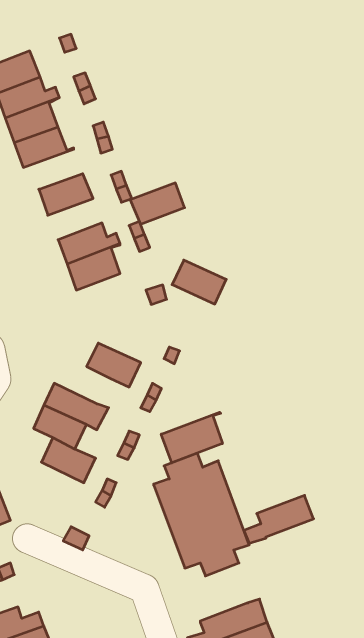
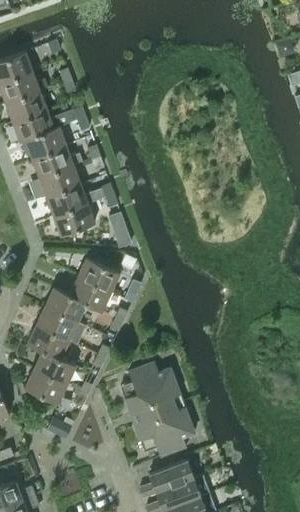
building: none -> [20,127,66,159]
building: [130,183,185,224] -> [39,165,81,197]
building: [172,260,226,304] -> [78,258,120,292]
building: none -> [44,288,87,324]
building: [161,412,222,463] -> none
building: none -> [25,369,67,404]
building: [244,495,314,543] -> [140,460,194,497]

